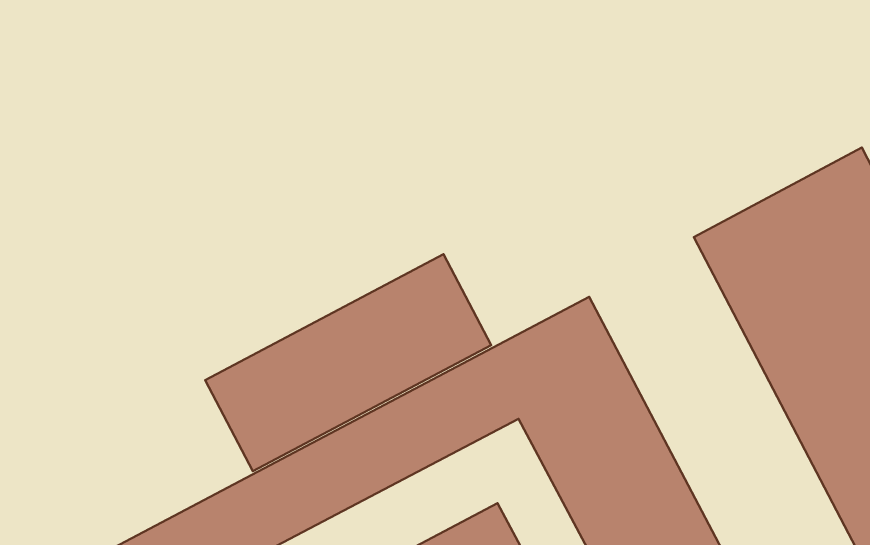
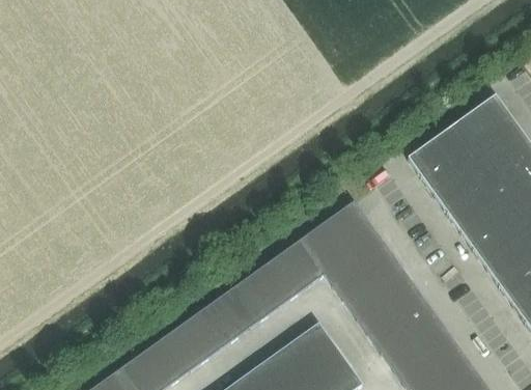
building: [205,254,491,471] -> none

